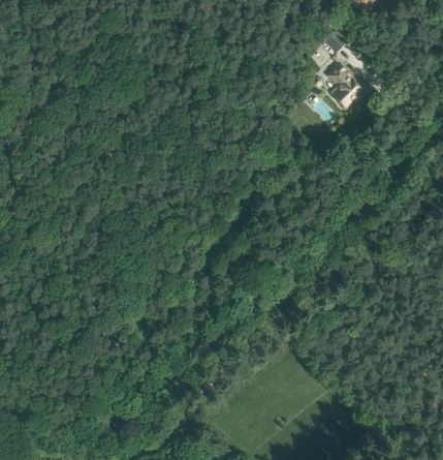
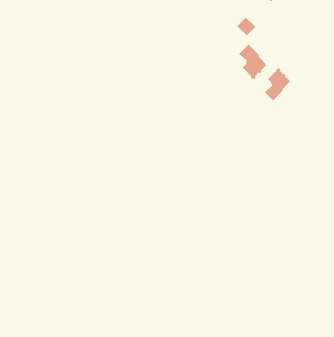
building: none -> [264,68,291,101]

